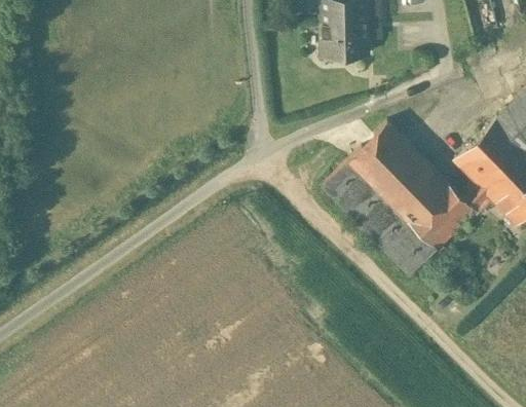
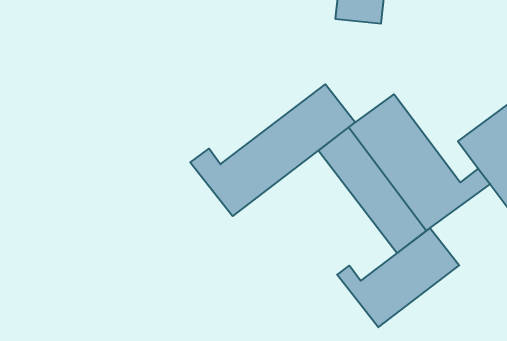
building: none -> [190,84,355,216]
building: none -> [337,228,459,327]

